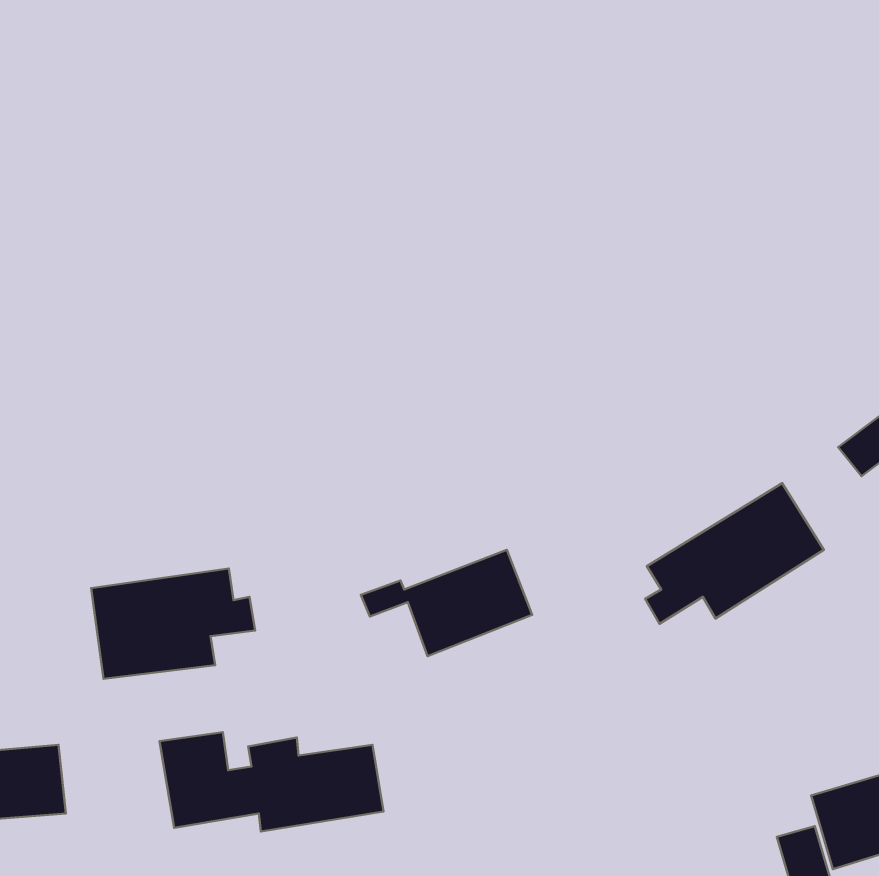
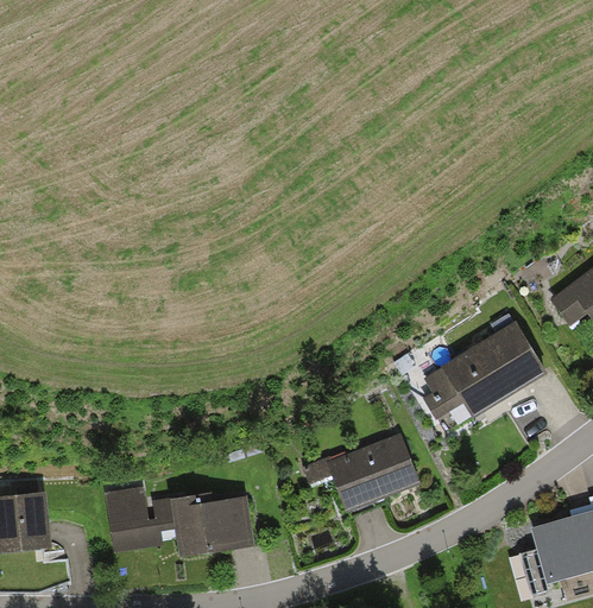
building: [361,550,532,656] -> [303,437,416,507]
building: [91,568,255,679] -> none

